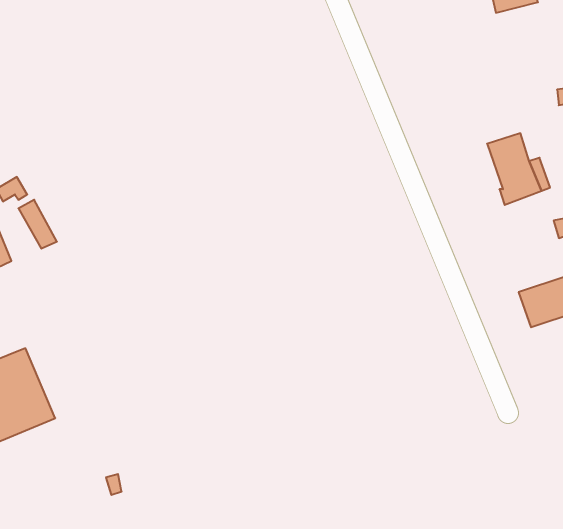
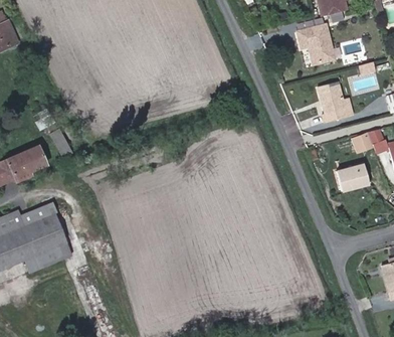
building: none -> [299,28,335,66]

